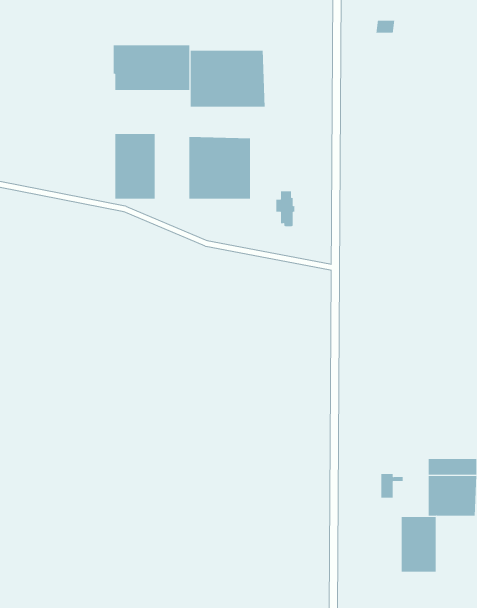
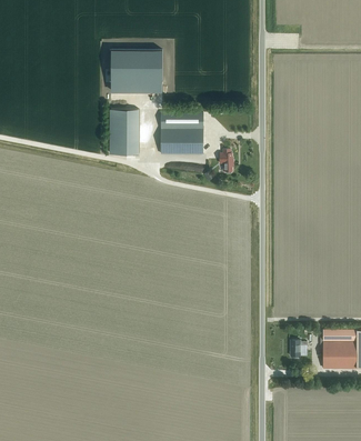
building: [190,50,265,107] -> none
building: [401,516,436,573] -> none

